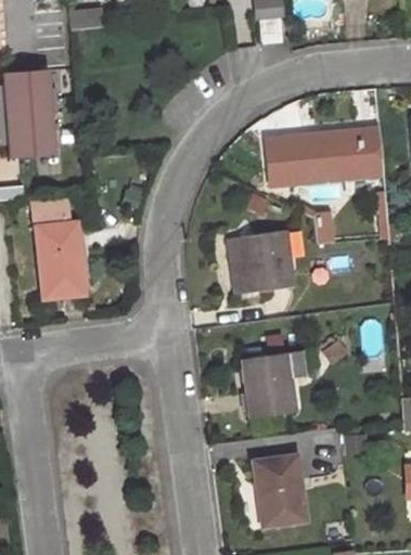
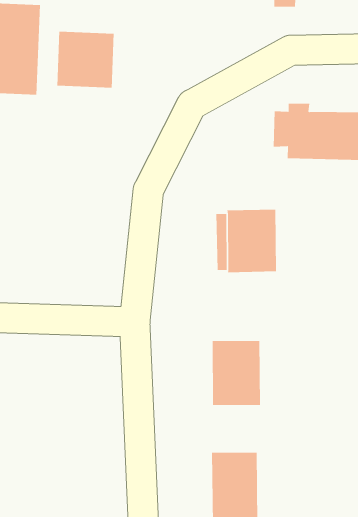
building: none -> [57,31,114,88]
building: [35,207,85,298] -> none

